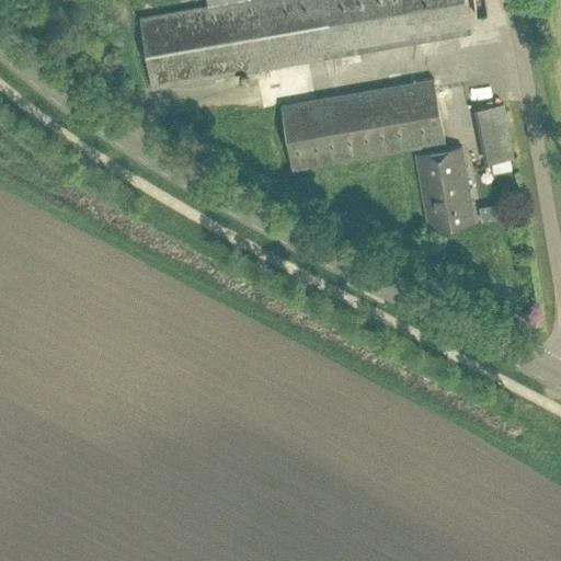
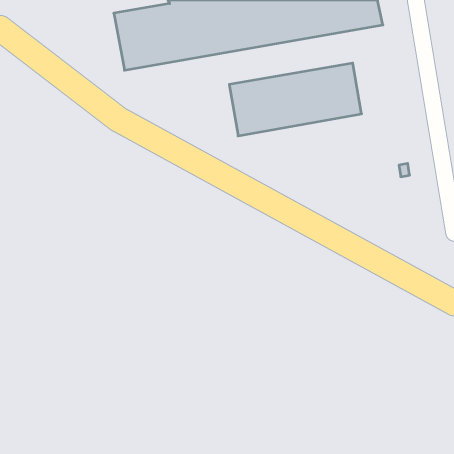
building: [474,101,510,170] -> none
building: [416,145,476,228] -> none

